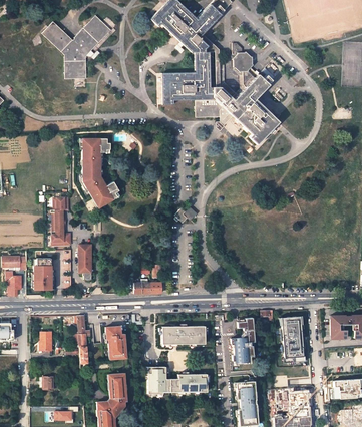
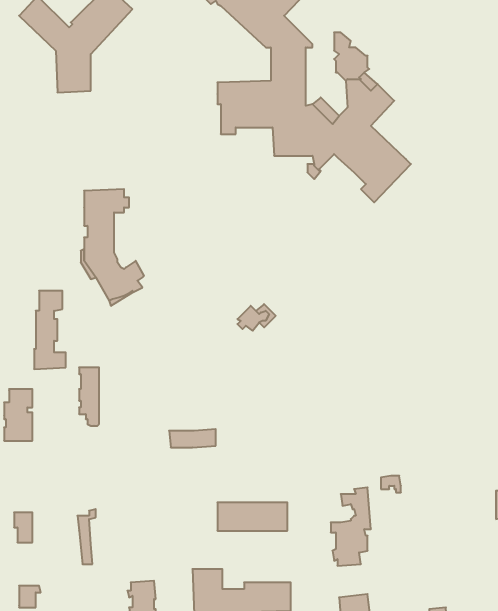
building: [280,316,305,363] -> none
building: [103,326,124,359] -> none

